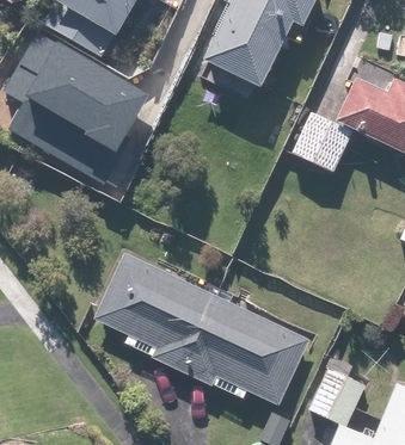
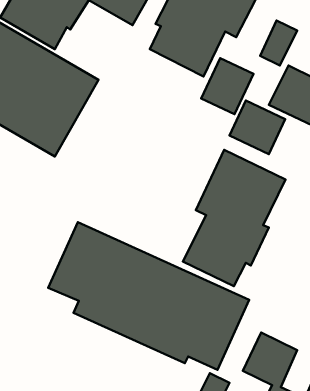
building: none -> [201,58,253,114]
building: none -> [183,150,286,286]

